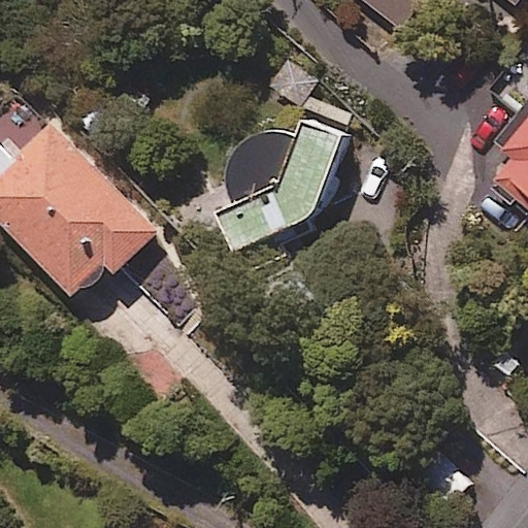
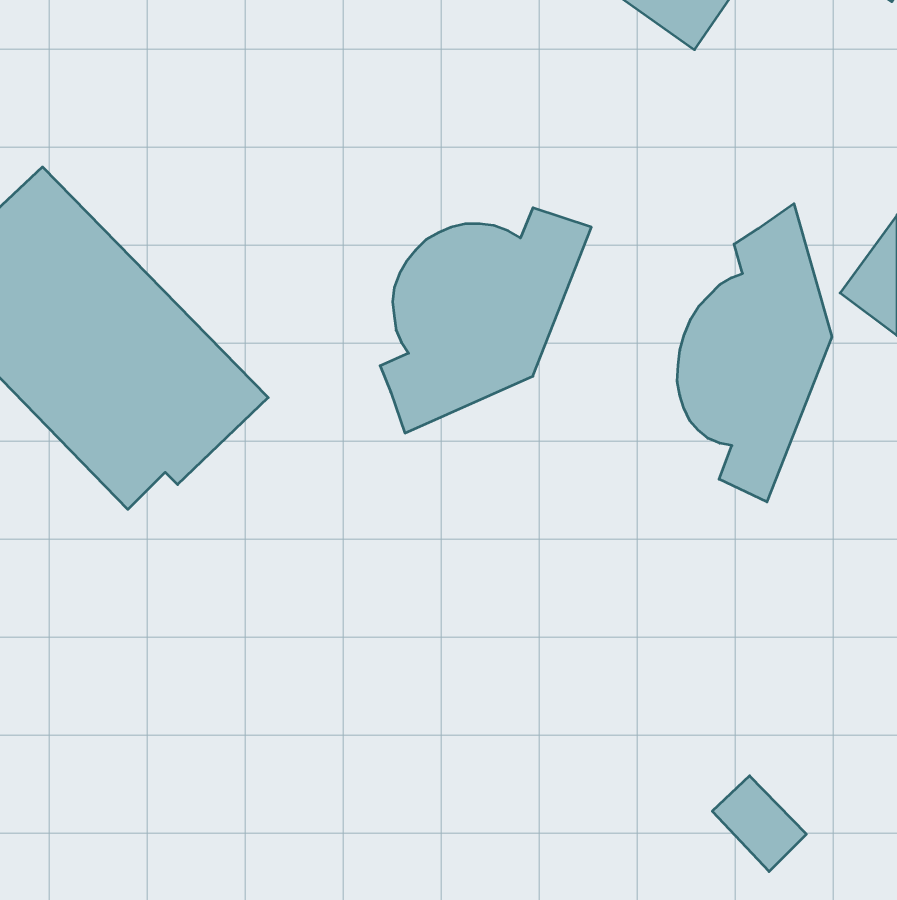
building: none -> [677,204,832,502]

